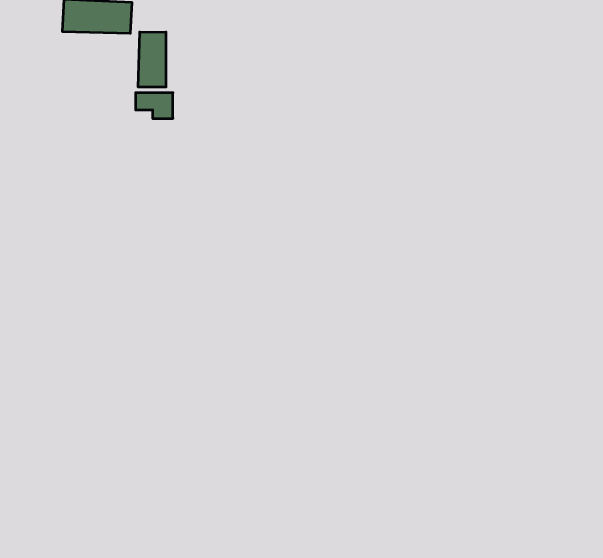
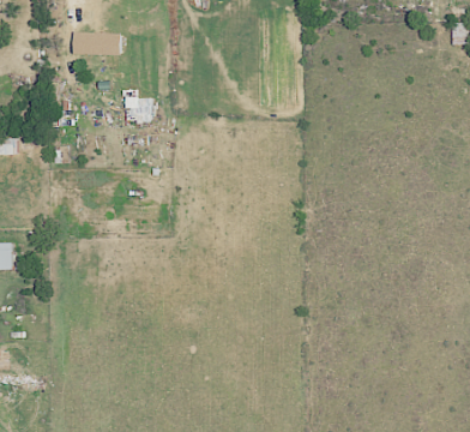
building: [138,32,166,87] -> none

